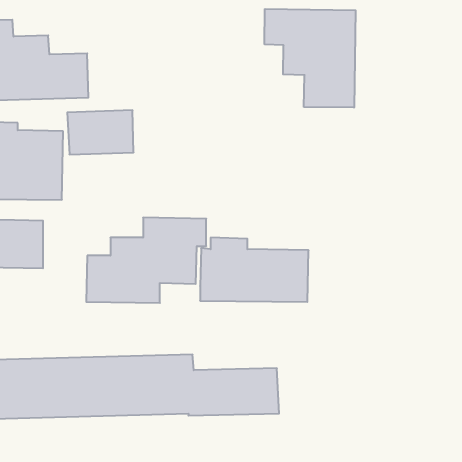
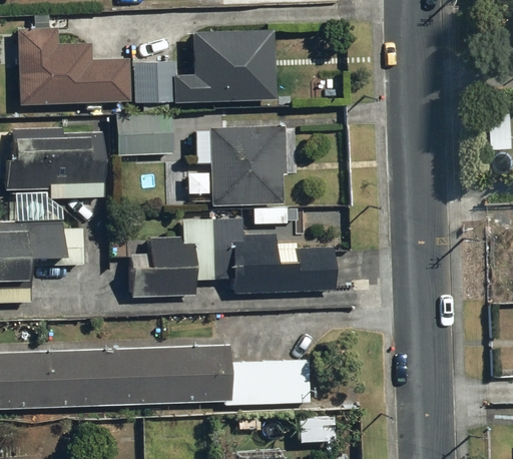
building: [265,9,356,108] -> none
building: none -> [131,31,272,103]
building: none -> [194,125,286,205]

